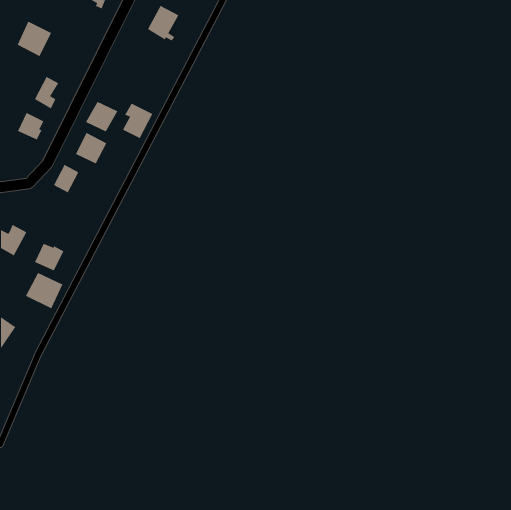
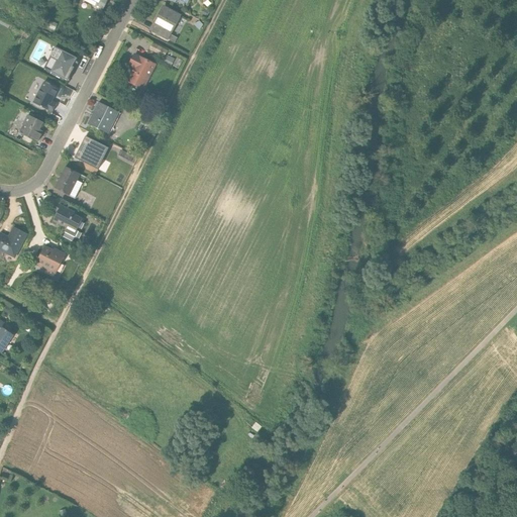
building: [17,21,52,57] -> [44,43,80,80]
building: [122,103,153,139] -> [125,54,157,90]
building: none -> [51,203,82,236]
building: [25,272,63,309] -> none

